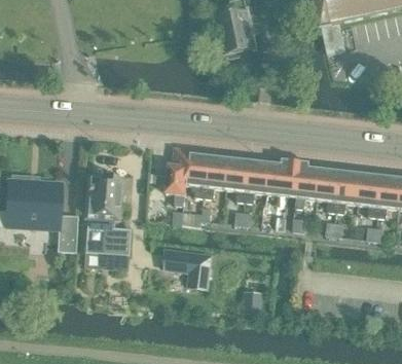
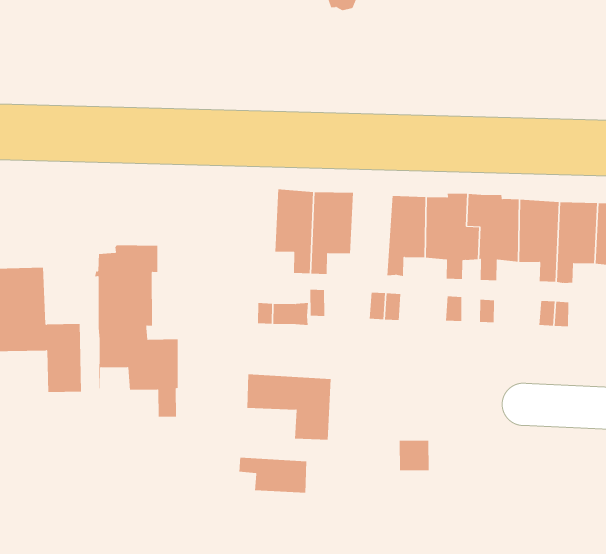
building: [165,149,189,206] -> none
building: [226,155,251,202] -> none
building: none -> [239,457,307,494]

